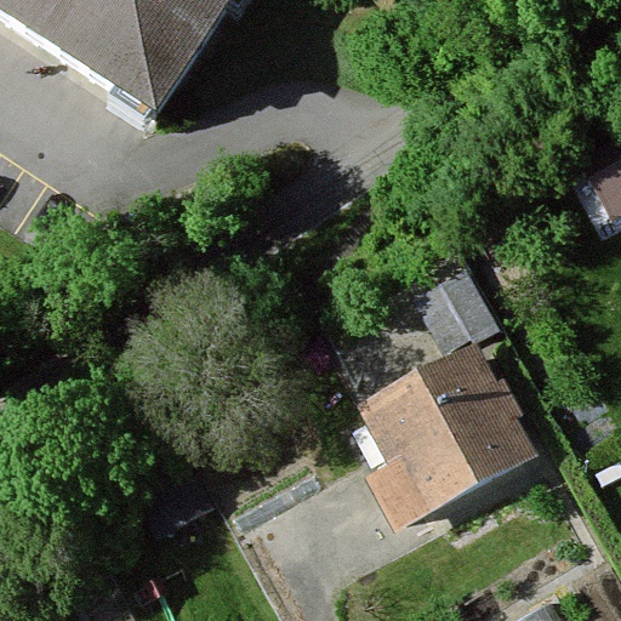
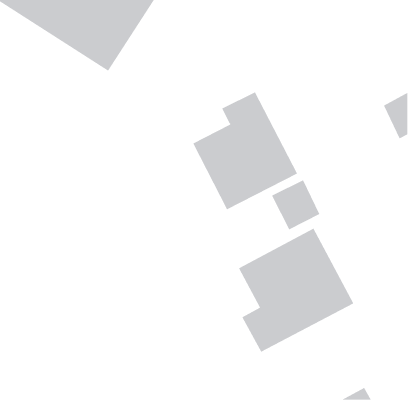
building: none -> [193,91,298,210]

